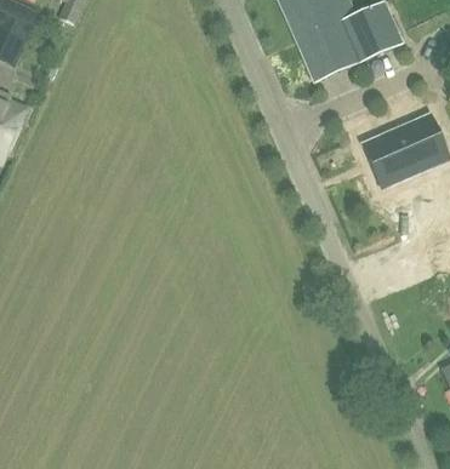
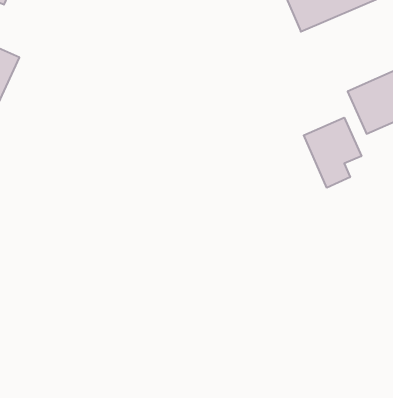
building: none -> [304,118,361,188]

